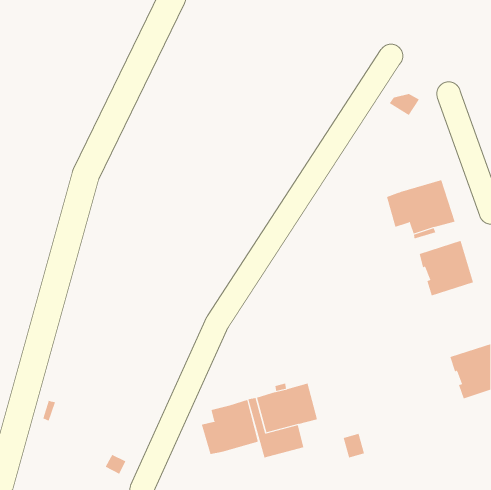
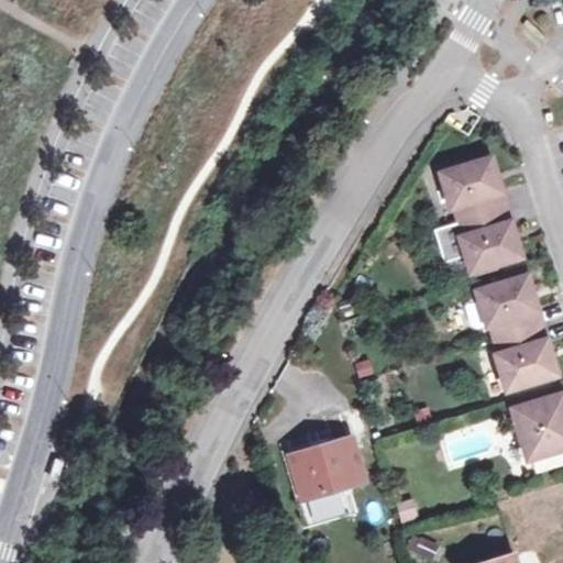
building: none -> [442,156,505,219]
building: none -> [493,322,555,386]
building: [201,399,259,455] -> none

